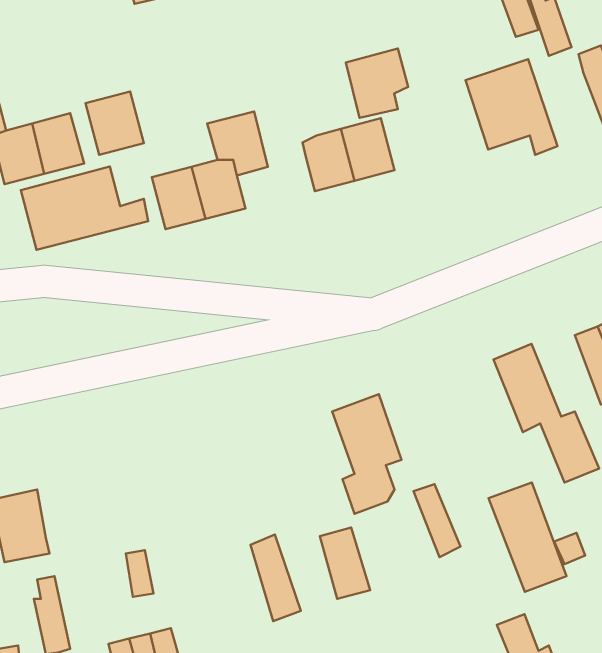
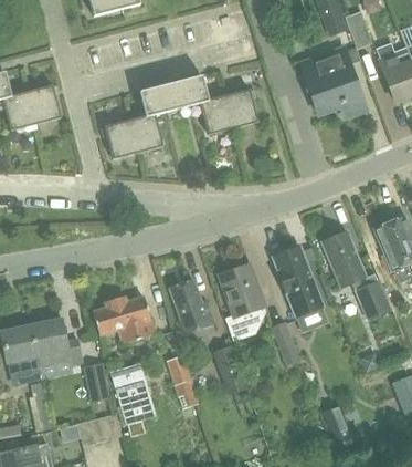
building: [346,49,408,118] -> [169,74,209,118]
building: [86,91,144,155] -> none
building: [21,166,148,250] -> none
building: none -> [170,280,214,334]
building: none -> [93,295,156,343]
building: none -> [31,319,84,367]
building: [489,483,567,592] -> [272,247,321,316]
building: none -> [110,362,156,423]

